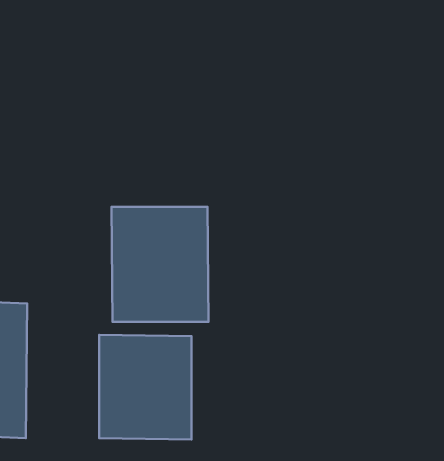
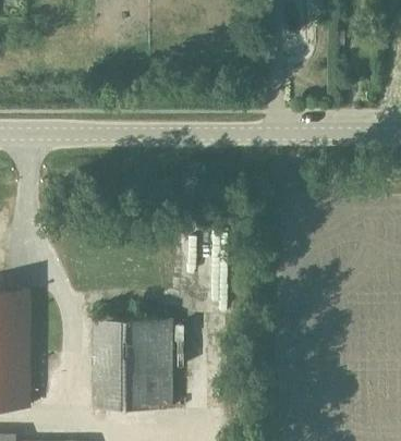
building: [111,207,209,322] -> none

